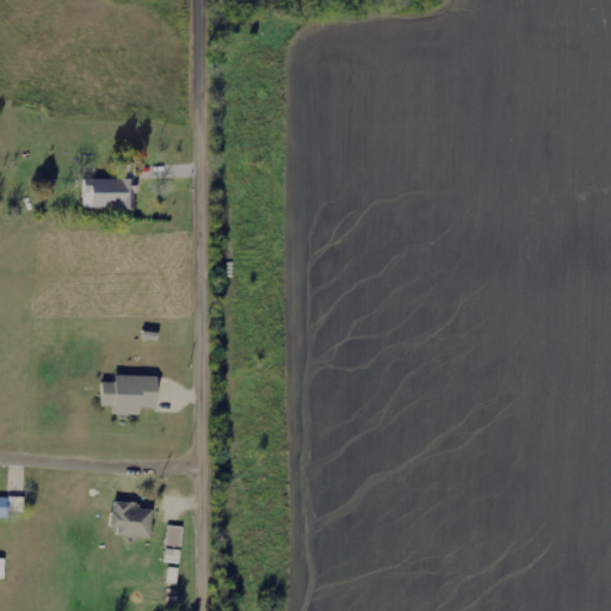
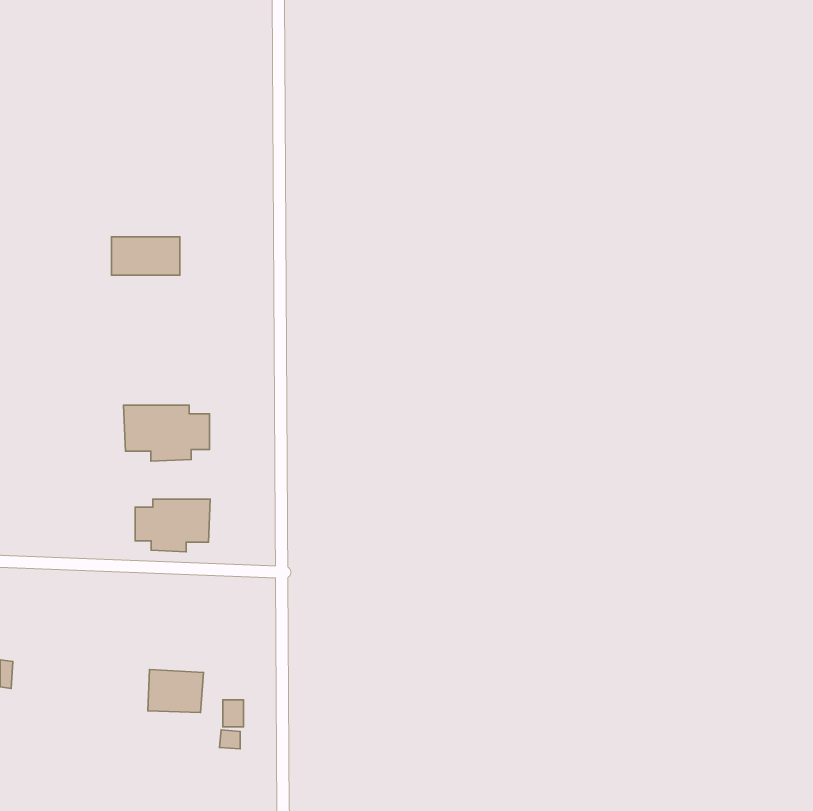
building: none -> [124,405,209,461]

